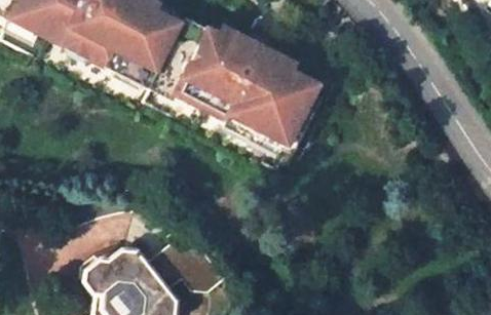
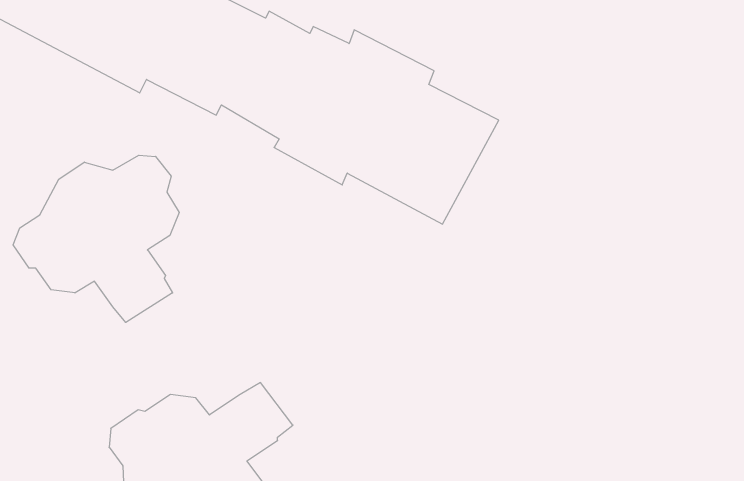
building: none -> [13,155,179,322]

